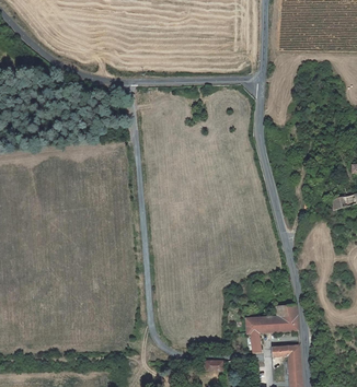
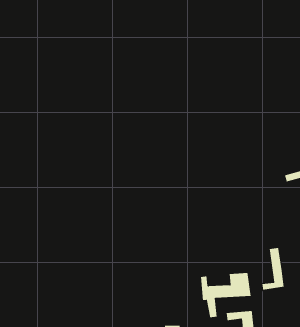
building: none -> [262,247,284,291]

